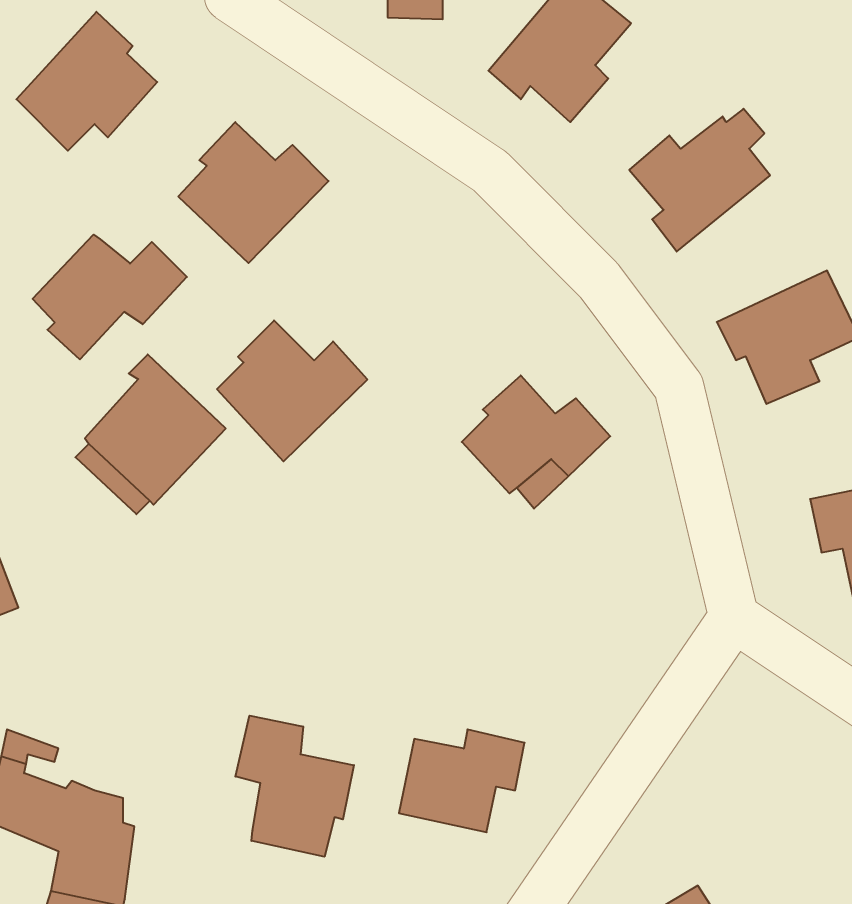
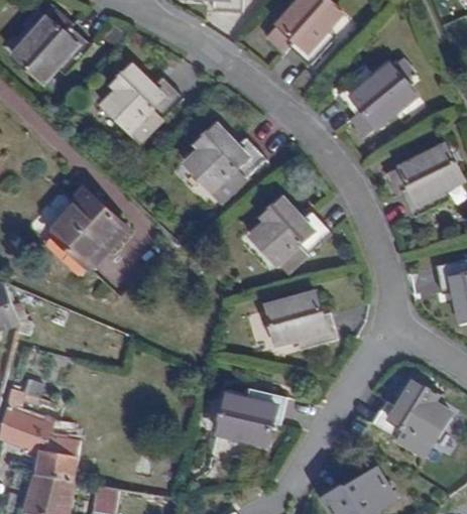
building: [33,235,187,359] -> none
building: [217,320,367,461] -> [185,125,264,200]
building: none -> [266,292,334,345]
building: [235,716,354,857] -> none
building: none -> [371,380,450,443]

